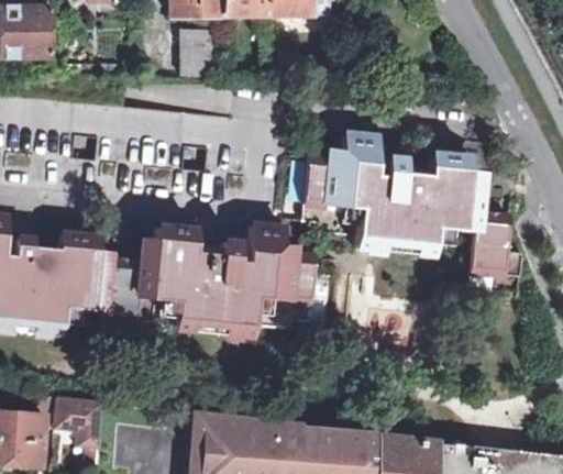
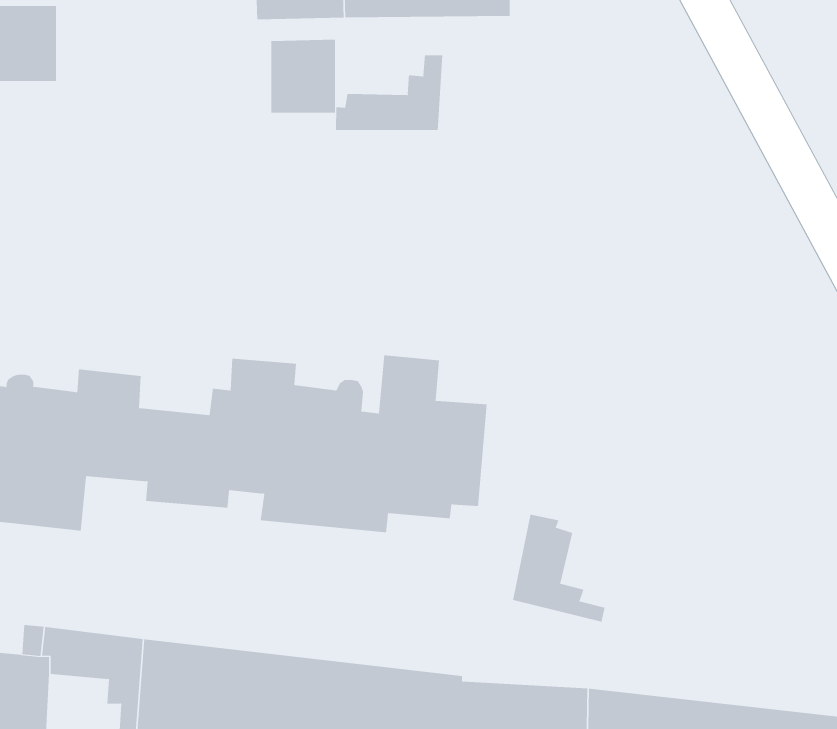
building: none -> [336,54,443,131]
building: [303,134,523,275] -> none
building: none -> [513,514,605,623]

